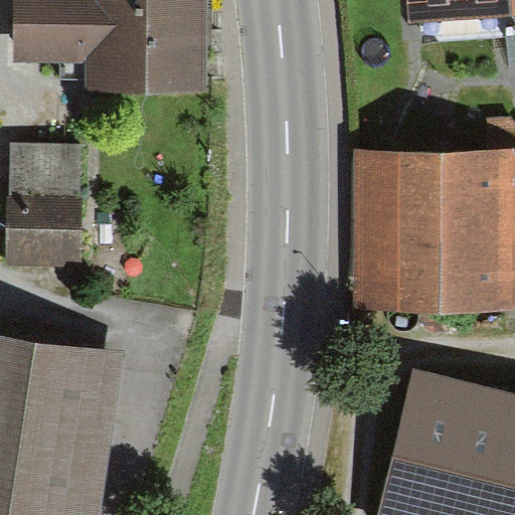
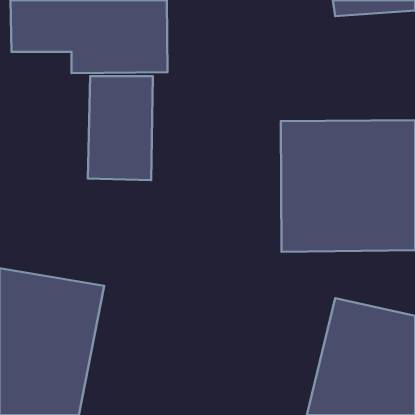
building: [8,144,89,273] -> [88,76,153,180]

